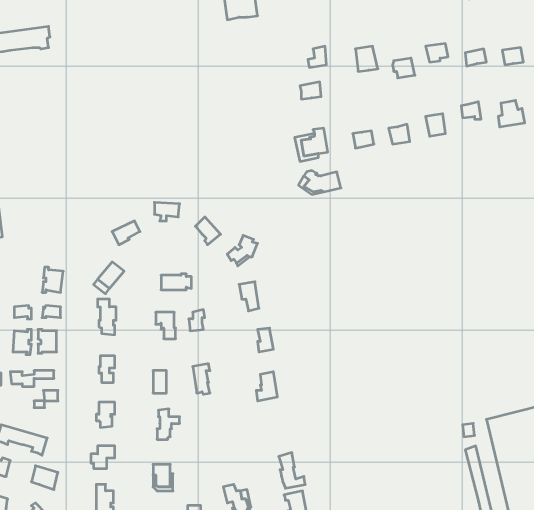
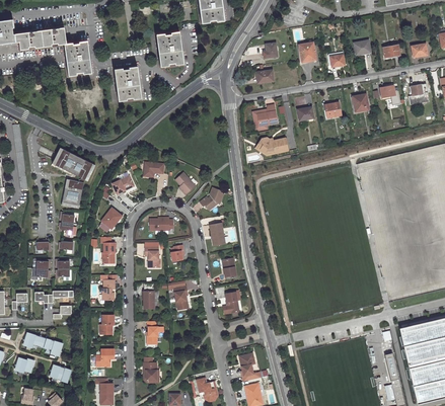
building: none -> [156,32,183,66]
building: none -> [64,42,92,75]
building: none -> [115,67,141,100]
building: none -> [53,148,95,208]

